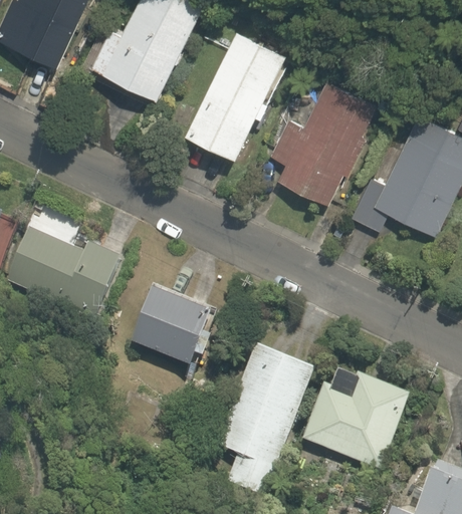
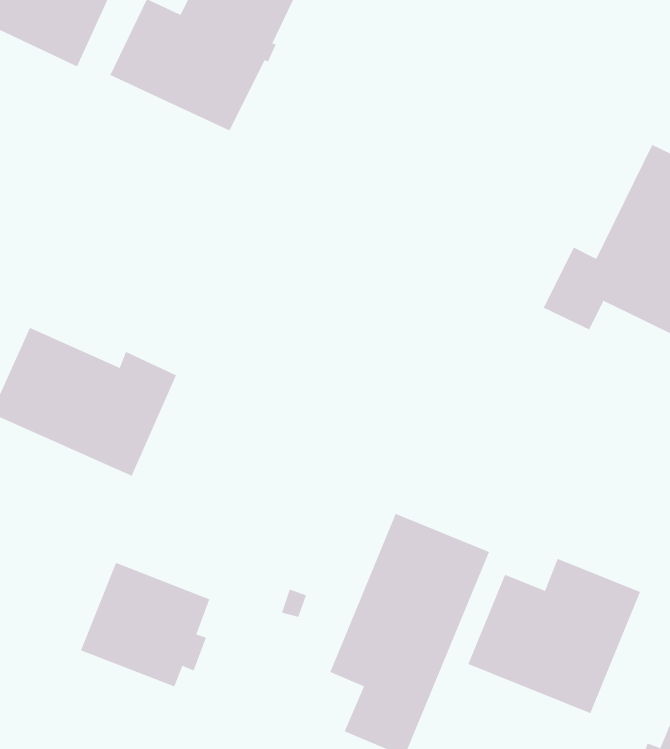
building: [188,30,286,156] -> none
building: [269,78,378,202] -> none
building: [134,287,215,365] -> [80,562,210,687]

